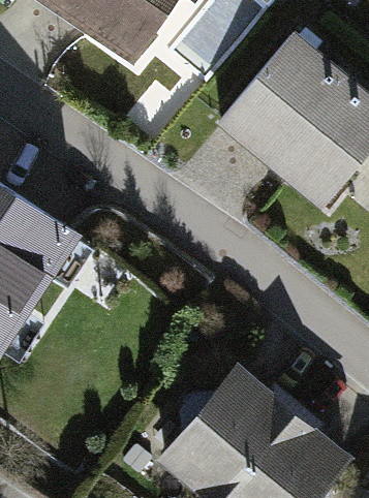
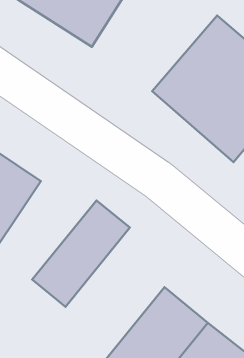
building: none -> [32,200,130,307]

